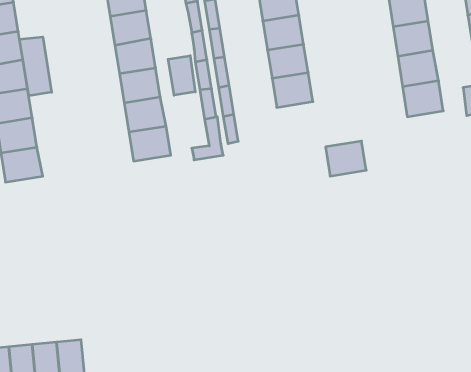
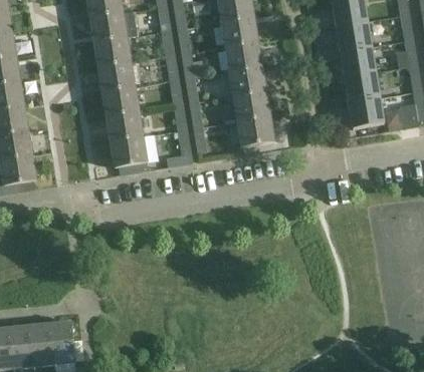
building: [20,37,52,96] -> none
building: [168,56,195,95] -> none
building: [326,141,366,176] -> [239,115,274,145]

